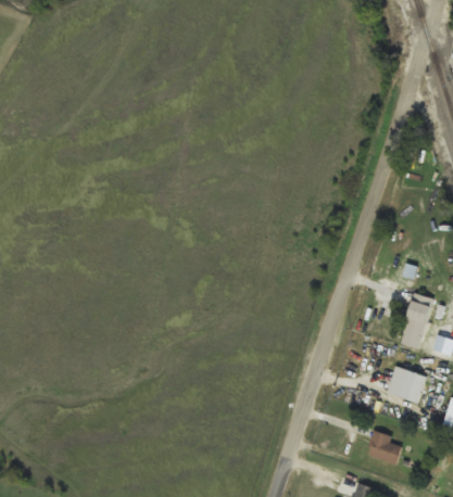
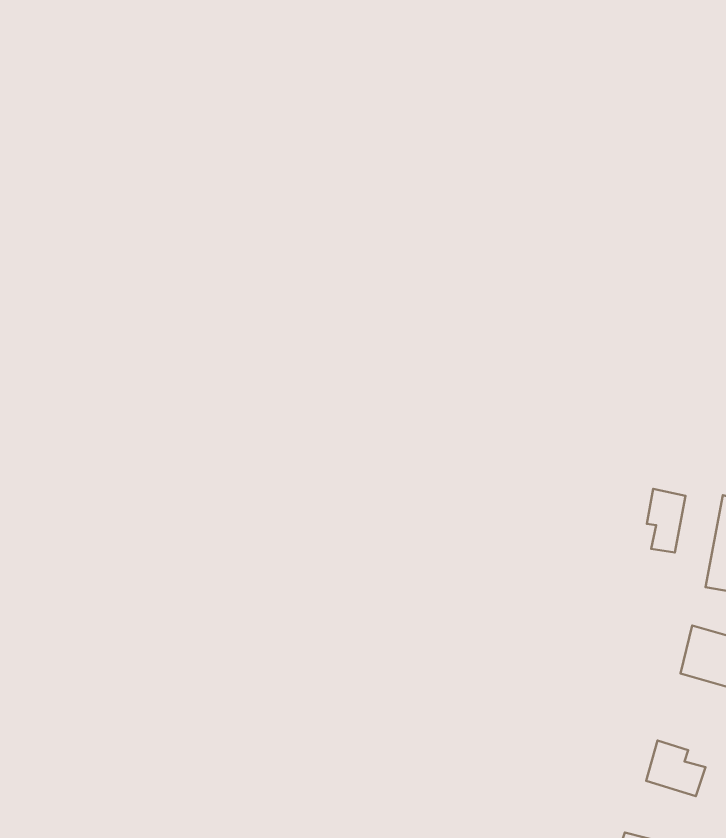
building: none -> [647,489,685,553]

